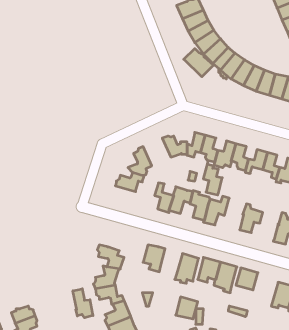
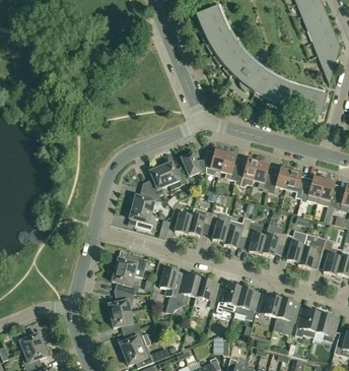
building: [184,49,213,77] -> none
building: none -> [159,162,187,184]
building: [203,162,222,195] -> [246,219,266,254]
building: none -> [128,205,152,231]
building: none -> [283,233,306,262]
building: none -> [113,253,146,274]
building: none -> [276,298,299,334]
building: [73,289,93,318] -> none
building: [176,297,198,319] -> [178,272,201,296]

